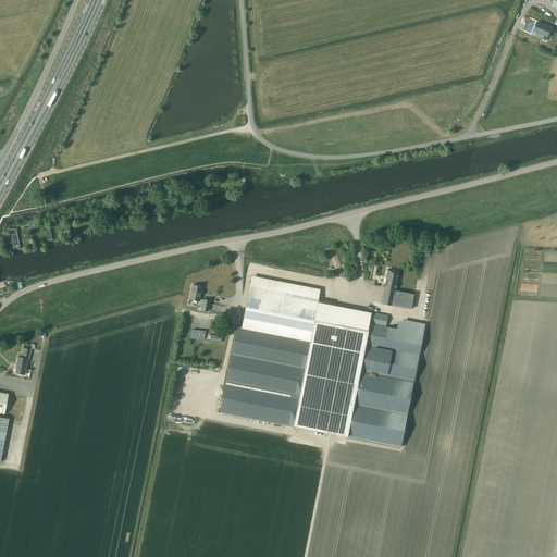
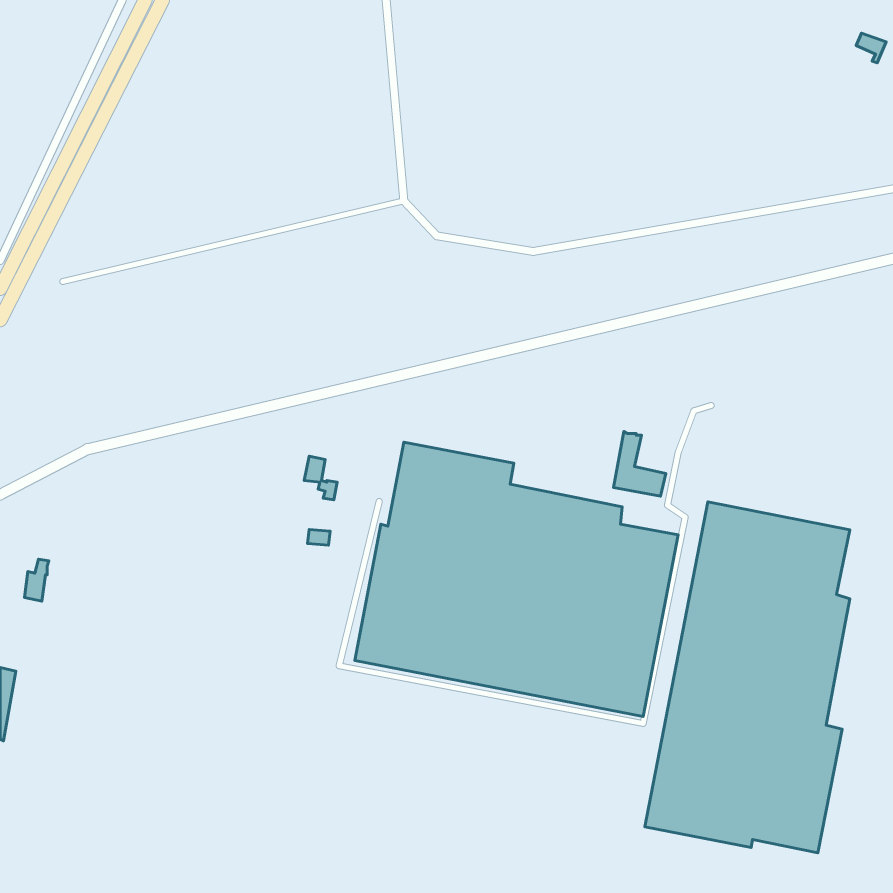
building: none -> [645,502,850,853]

